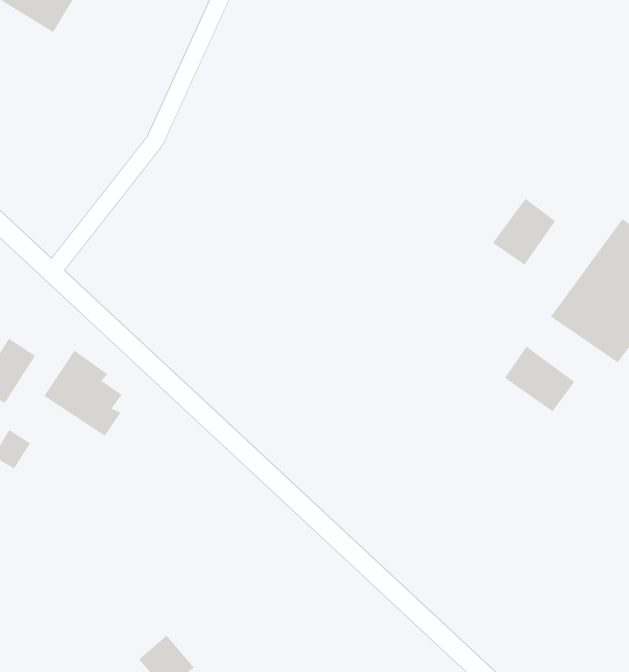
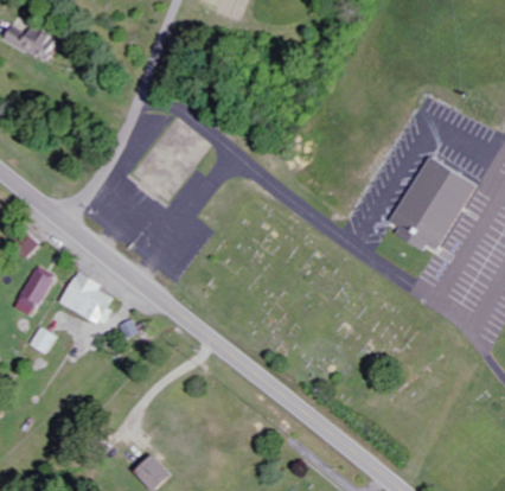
building: [492,198,556,265] -> none
building: [504,346,575,412] -> none

